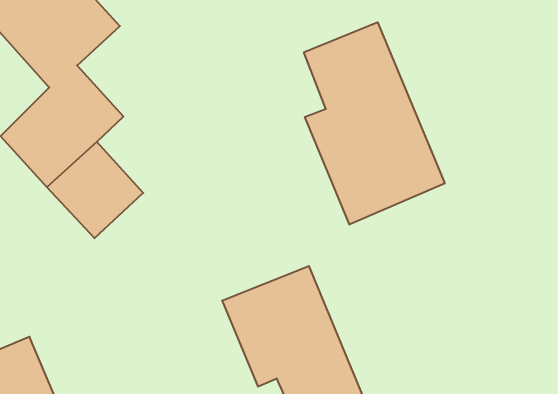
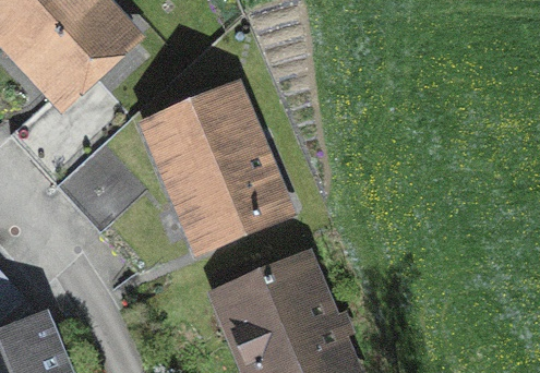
building: [304,22,445,225] -> none
building: none -> [156,87,283,236]

